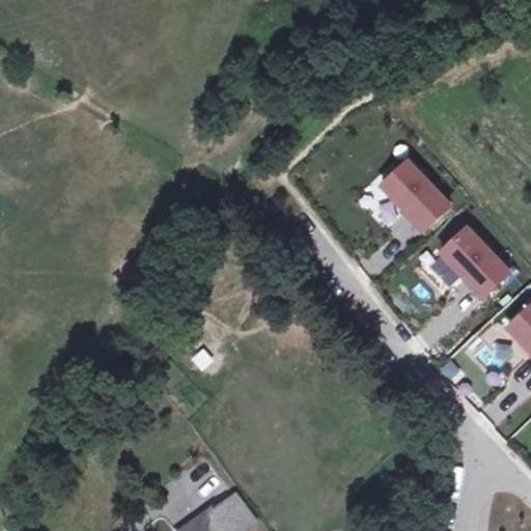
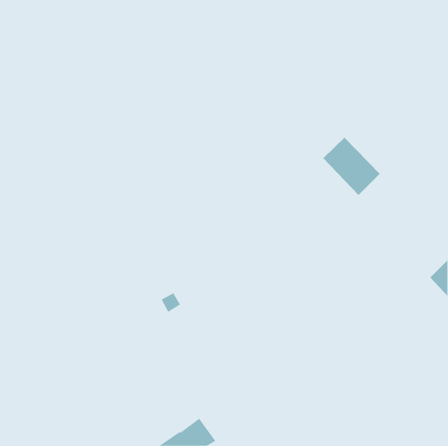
building: [440,228,508,297] -> none

